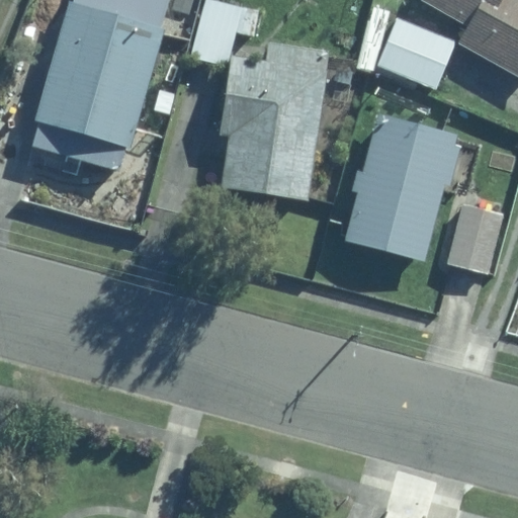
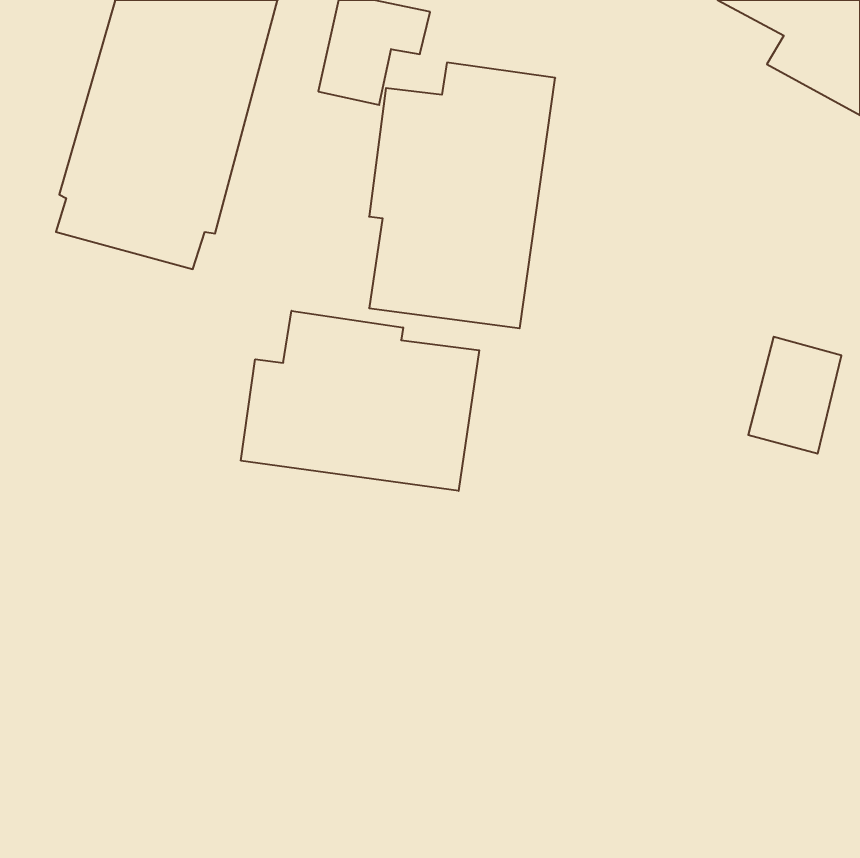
building: [376,17,455,90] -> none
building: [344,111,460,260] -> none
building: none -> [241,311,479,491]

